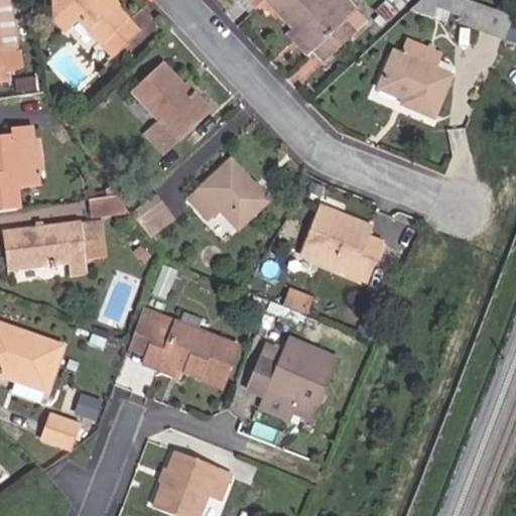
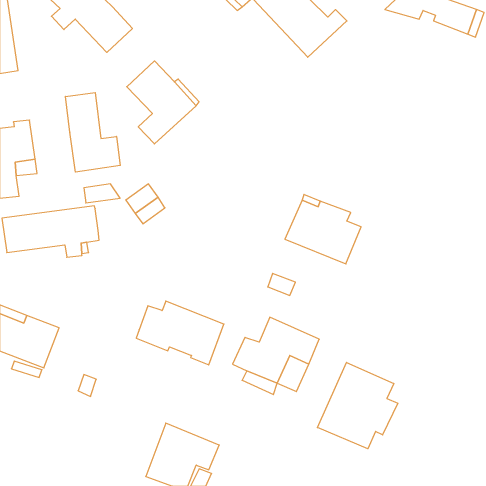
building: [379,39,452,115] -> none
building: none -> [65,93,120,172]
building: [188,159,271,228] -> none
building: [130,307,175,349] -> none
building: none -> [317,362,398,449]
building: [39,412,79,445] -> none

